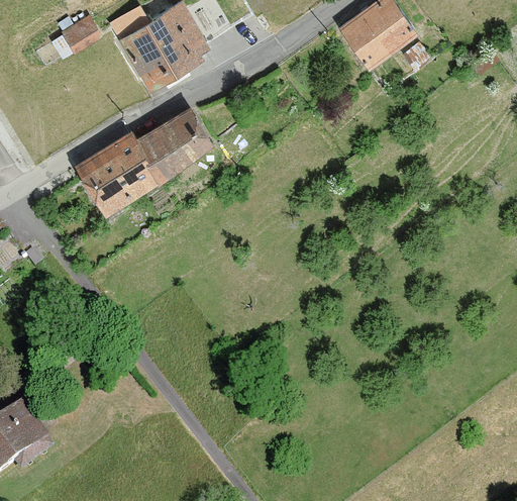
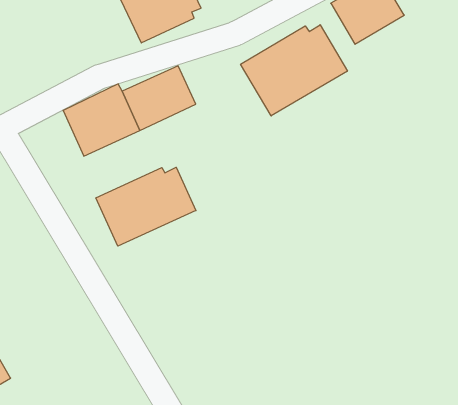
building: none -> [241,25,347,116]
building: none -> [96,167,196,246]

